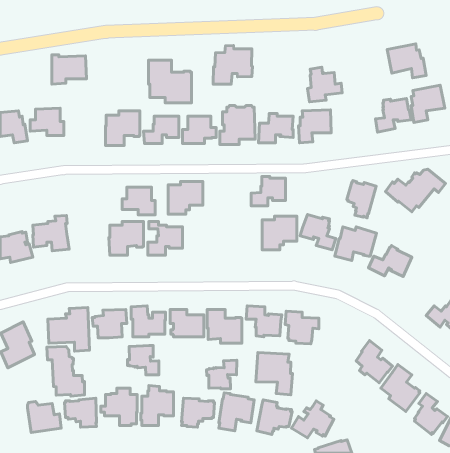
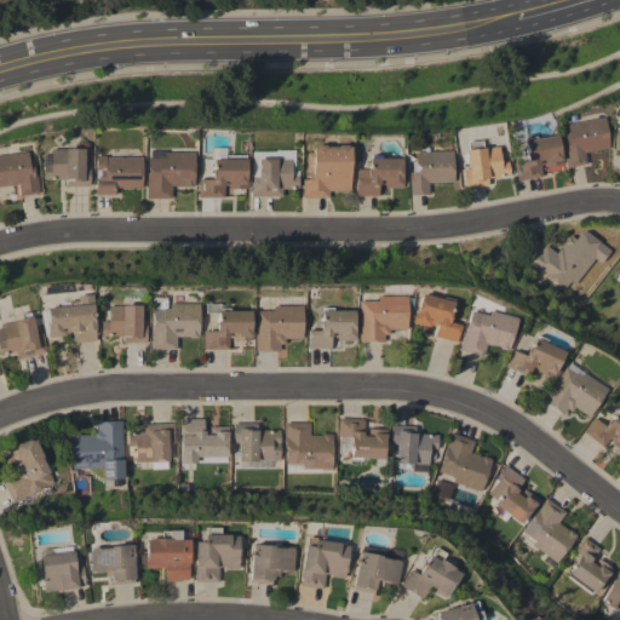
building: [387,44,426,78] -> none
building: [213,46,252,84] -> none
building: [52,55,86,84] -> [97,155,144,195]
building: [149,60,191,103] -> none
building: [308,67,342,102] -> [465,139,512,186]
building: [251,176,286,206] -> [310,308,357,348]
building: [347,180,376,218] -> none
building: [168,181,203,214] -> [258,305,305,350]
building: [122,187,155,215] -> [103,305,148,343]
building: none -> [546,363,609,417]
building: none -> [440,432,493,492]
building: [127,346,159,375] -> none
building: [47,346,85,396] -> none
building: [256,352,292,395] -> none
building: [207,360,237,389] -> none

